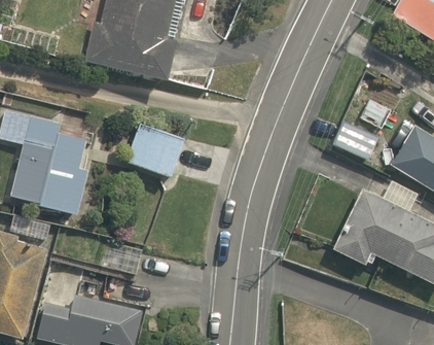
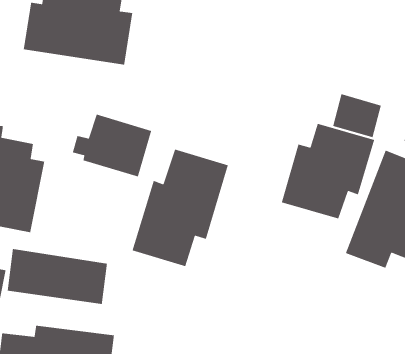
building: none -> [281,123,375,219]
building: none -> [132,149,229,267]

